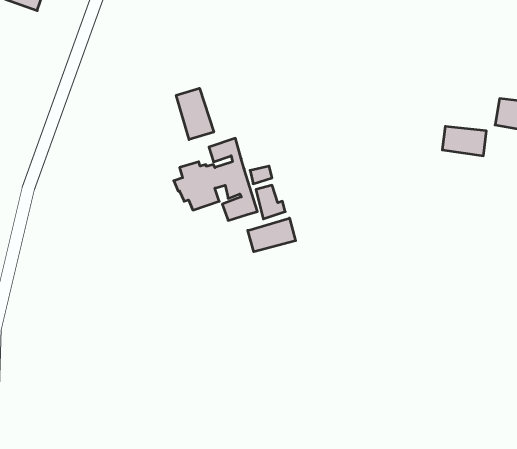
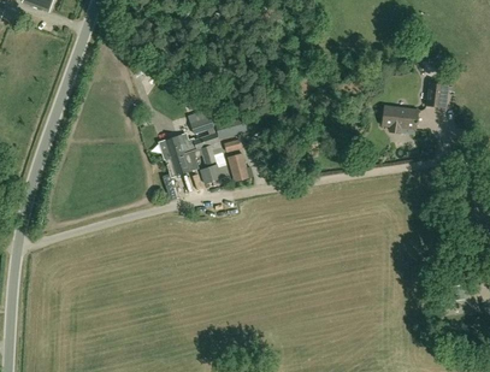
building: [176,88,214,140] -> none
building: [248,218,296,252] -> none

